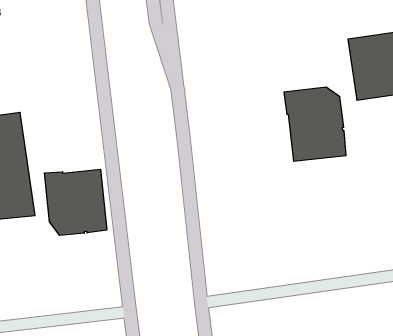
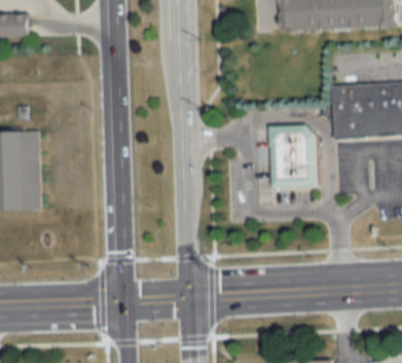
building: [45,169,107,235] -> none

